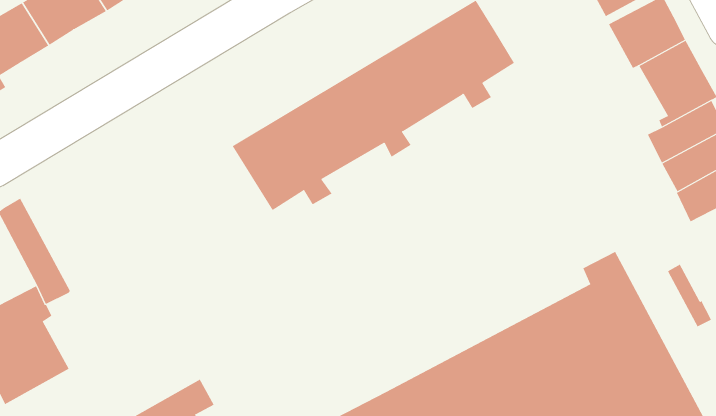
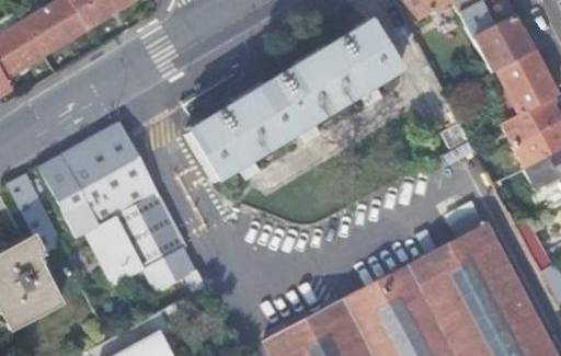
building: none -> [37,122,205,292]

